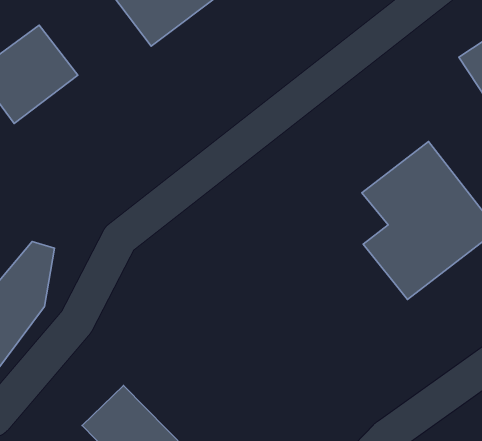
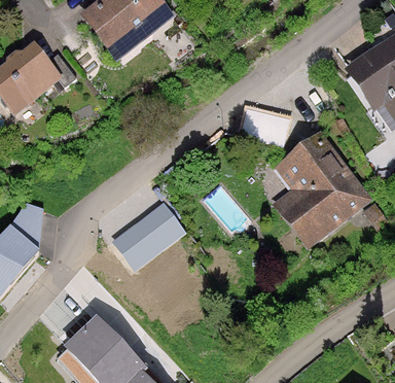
building: none -> [114,200,183,264]

